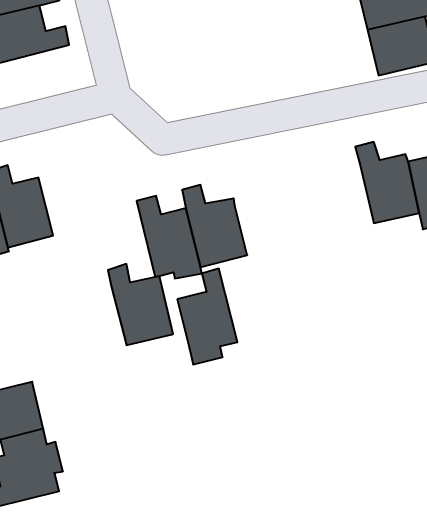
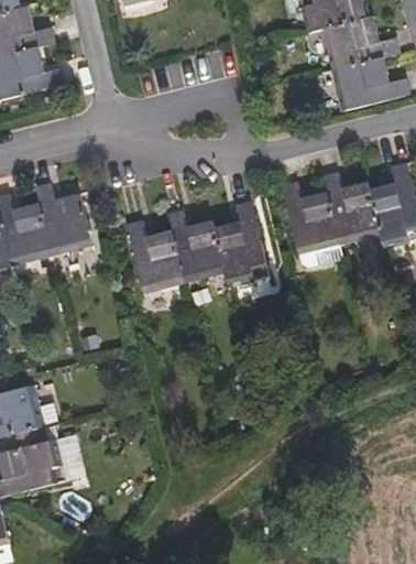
building: none -> [281,181,342,268]
building: [108,264,173,345] -> [34,181,92,253]
building: [177,269,237,364] -> [214,199,267,285]

